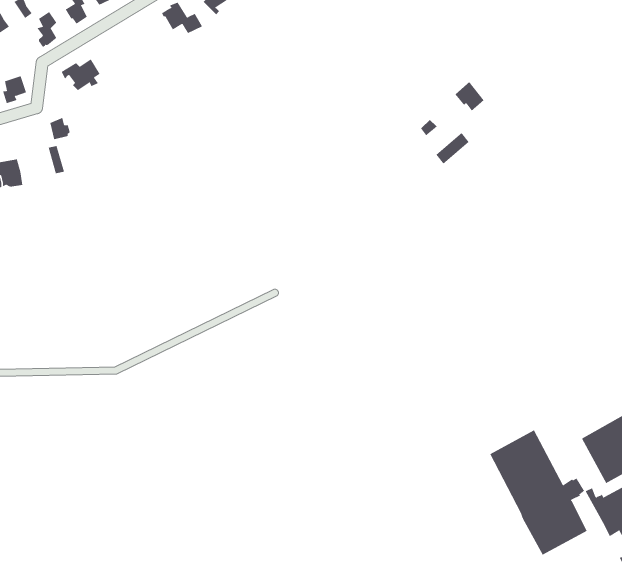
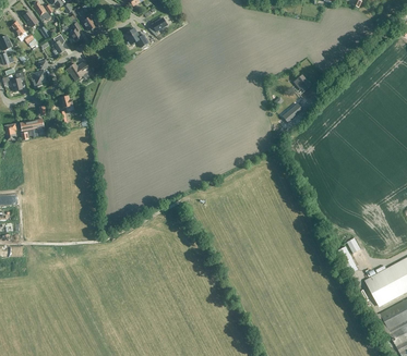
building: [489,429,587,556] -> none

